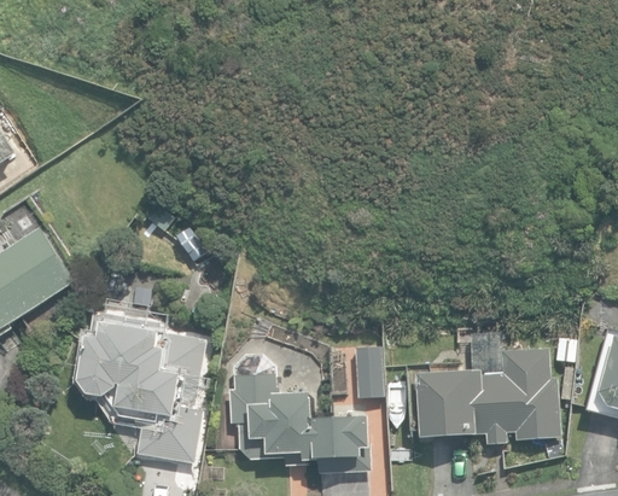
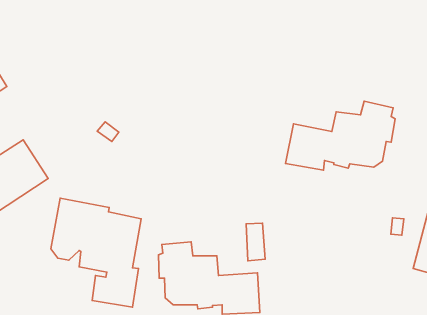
building: none -> [285,101,395,170]
building: [416,349,559,444] -> none

